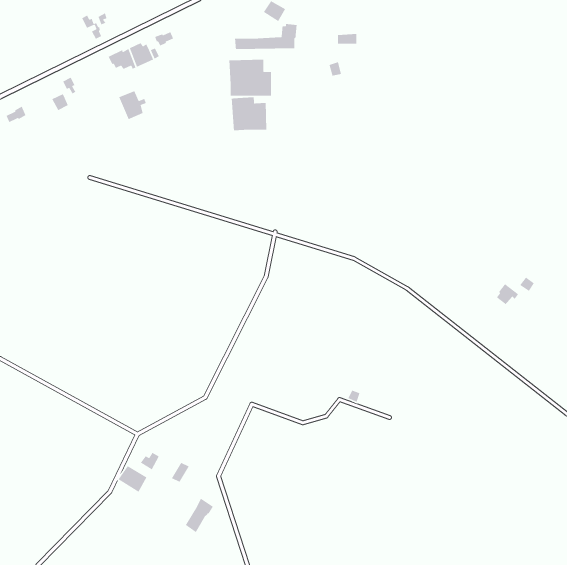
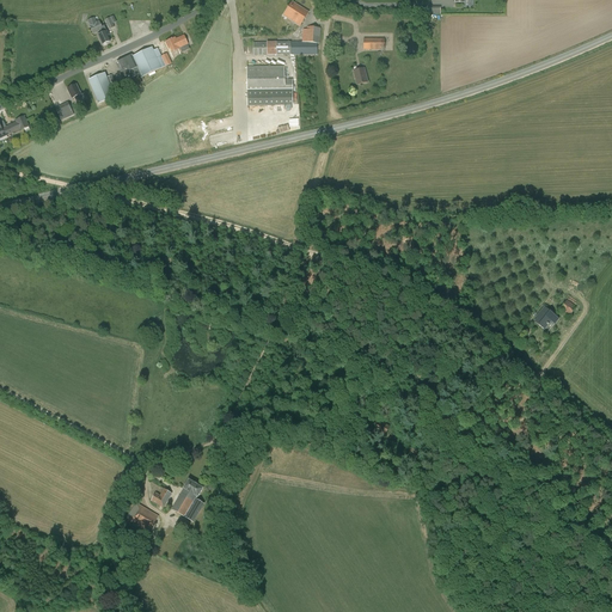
building: [118,90,147,120] -> [87,71,118,103]
building: [231,97,267,131] -> none
building: [185,498,214,533] -> [172,477,203,515]

